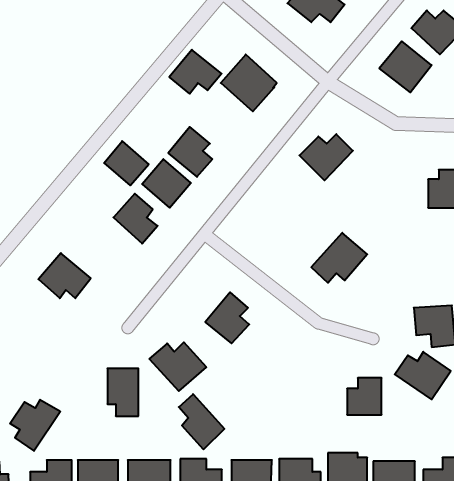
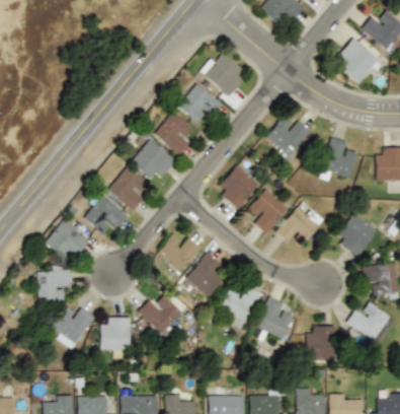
building: [169,50,222,94] -> [178,83,223,121]
building: [104,141,149,185] -> none
building: none -> [324,138,356,177]
building: none -> [216,163,261,209]
building: none -> [251,190,288,233]
building: none -> [84,195,128,232]
building: none -> [338,211,379,256]
building: none -> [157,234,201,273]
building: none -> [37,268,71,302]
building: none -> [221,285,262,323]
building: none -> [256,296,292,339]
building: [179,394,224,449] -> none
building: [10,400,60,451] -> [53,305,95,349]

